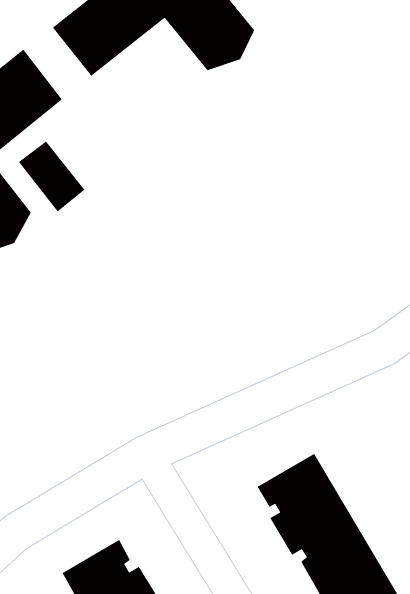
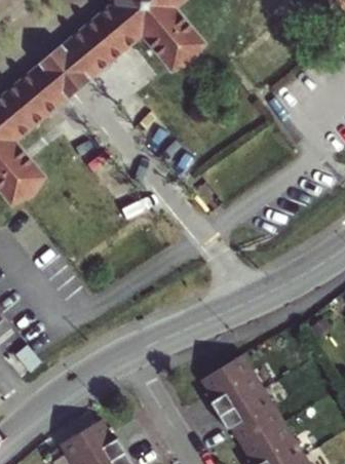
building: [18,141,86,213] -> [36,44,85,96]

